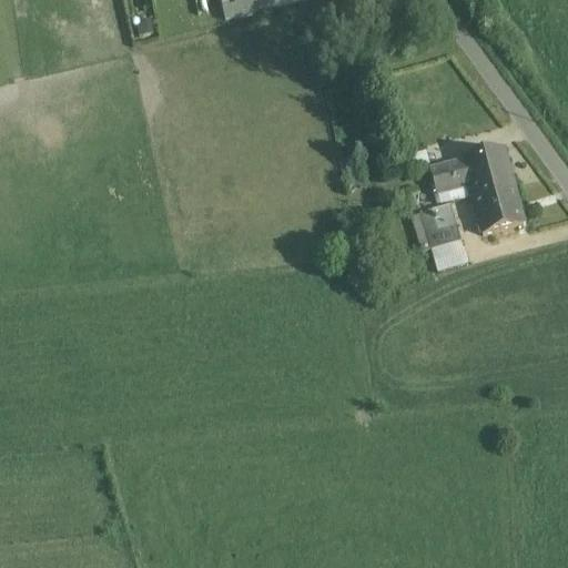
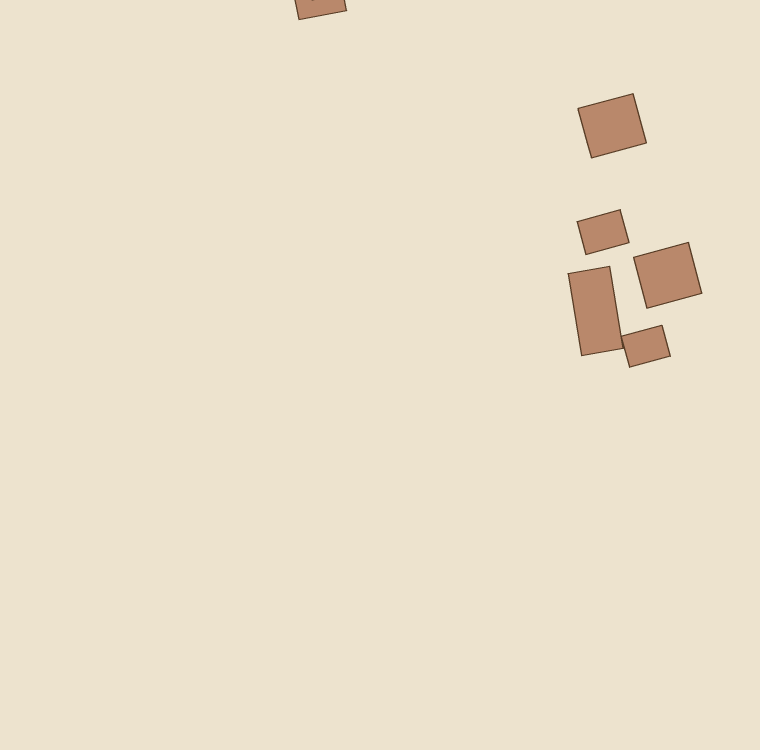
building: [463,144,514,192] -> [578,94,646,158]
building: none -> [621,325,670,367]

